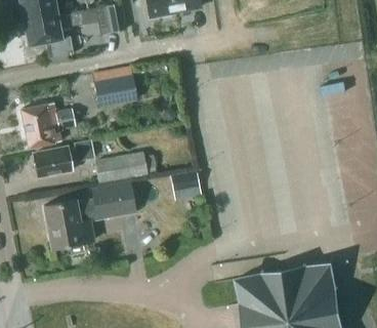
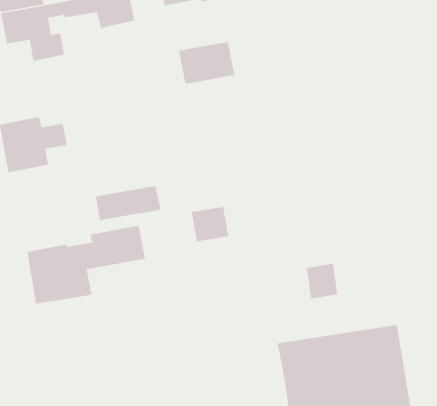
building: [92,75,136,109] -> [178,41,235,85]
building: [34,139,93,175] -> none
building: none -> [306,263,338,299]

